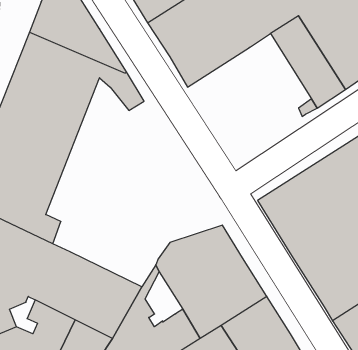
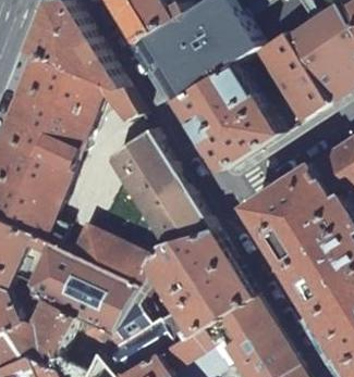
building: none -> [179,67,279,173]
building: none -> [109,134,211,249]
building: none -> [70,230,151,290]

